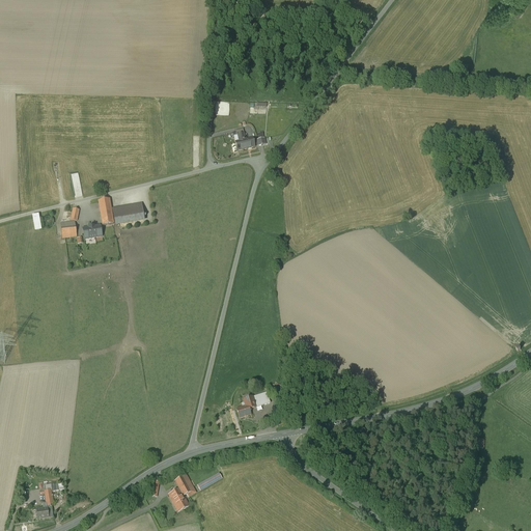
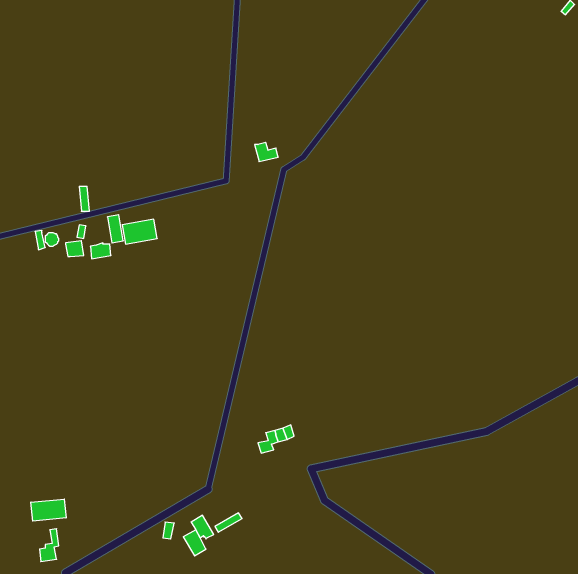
building: none -> [31,499,66,521]

